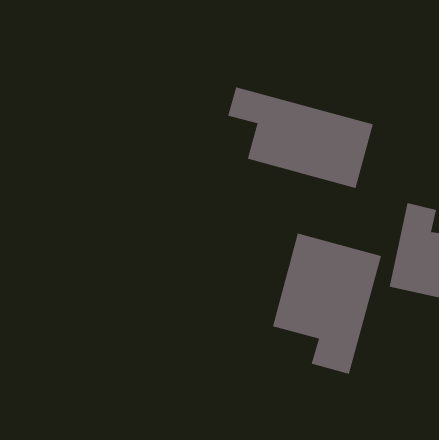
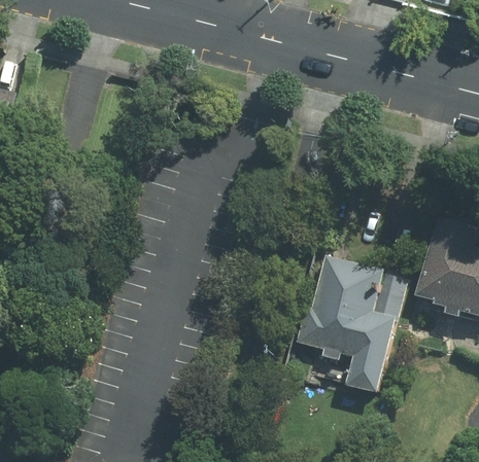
building: [228,86,374,189] -> none

